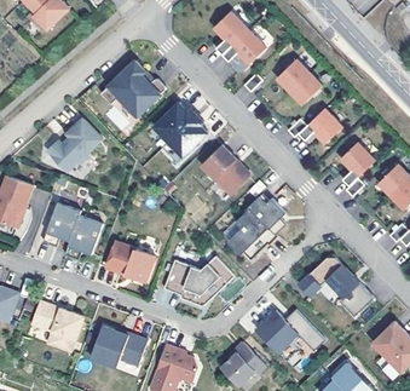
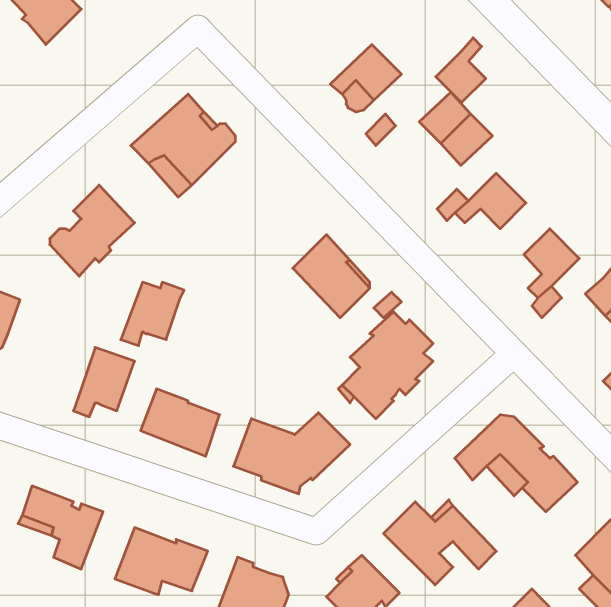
building: [214,11,248,54] -> none
building: none -> [436,38,486,103]
building: [154,102,207,156] -> none
building: [42,206,81,245] -> [121,282,184,346]

